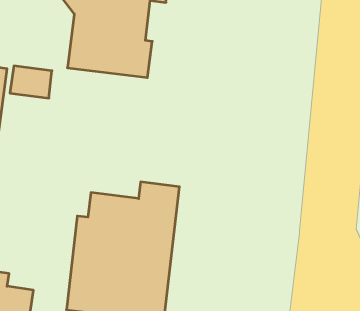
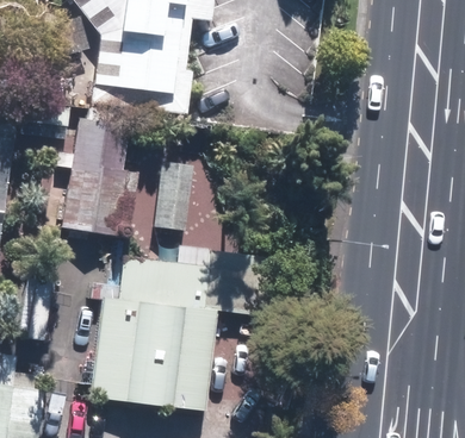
building: none -> [60,113,140,236]
building: none -> [153,157,194,230]

